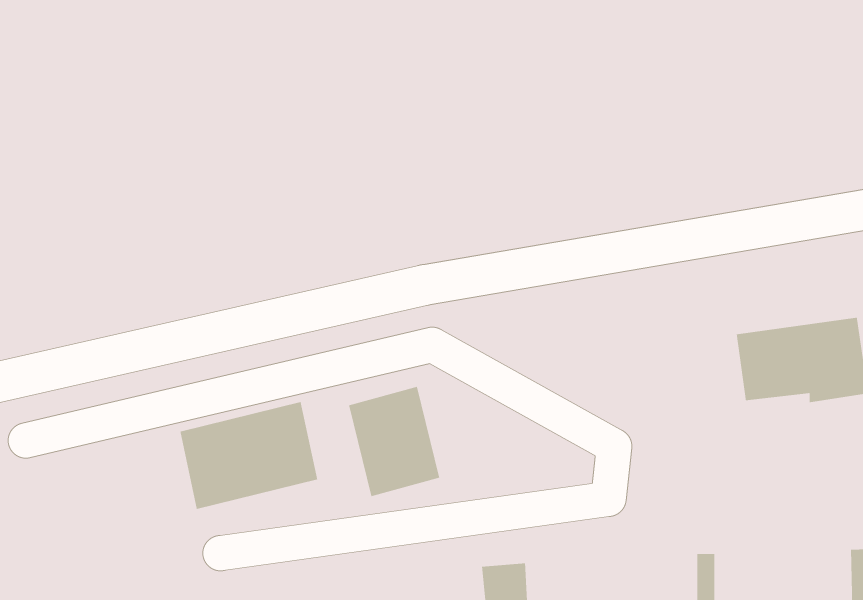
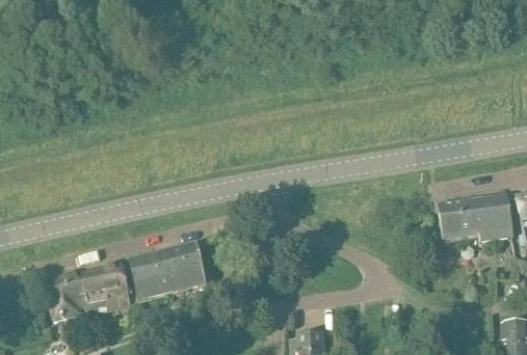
building: [348,386,440,497] -> none
building: none -> [44,262,131,319]

